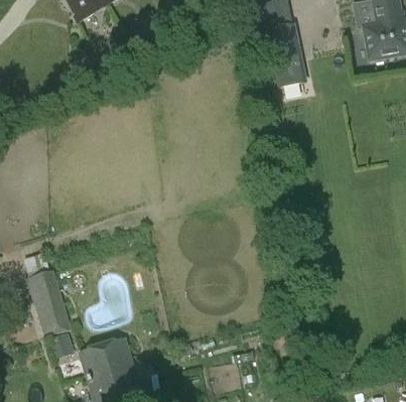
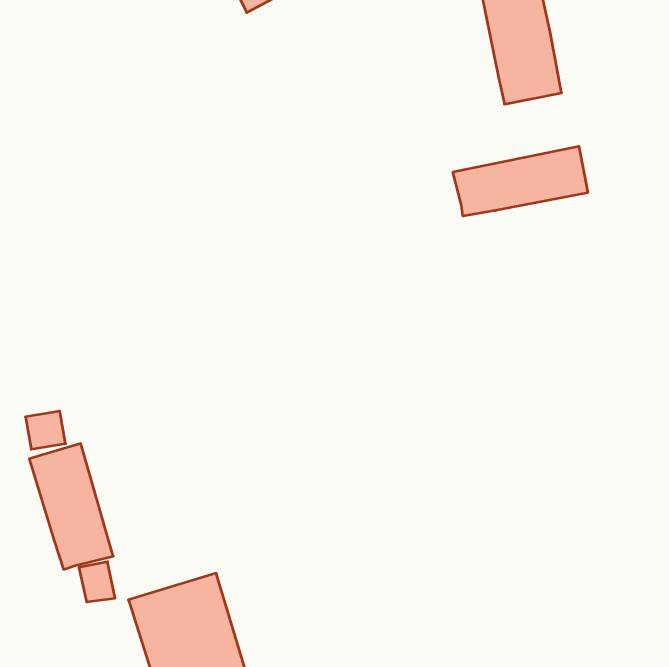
building: none -> [453,146,588,216]

